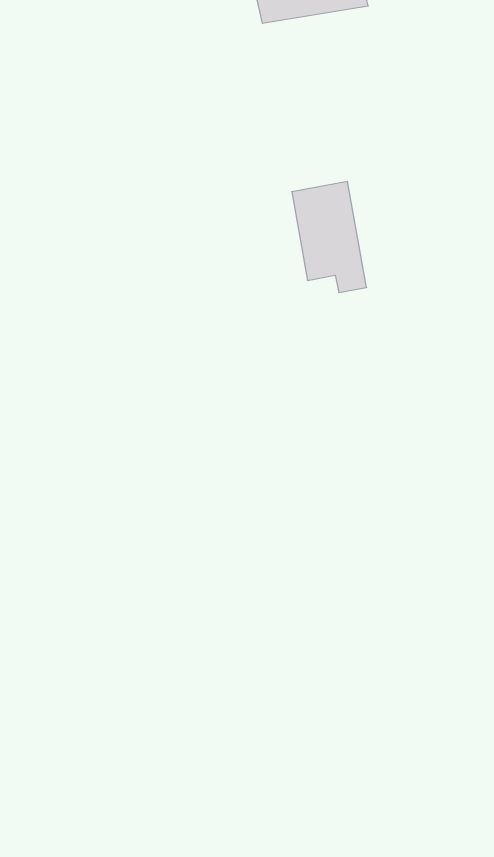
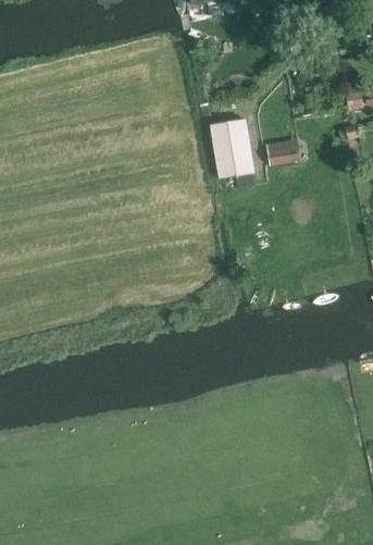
building: none -> [268,140,302,166]

